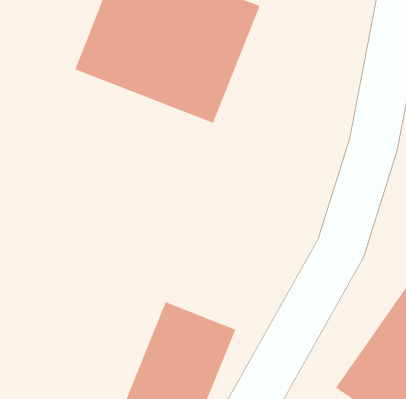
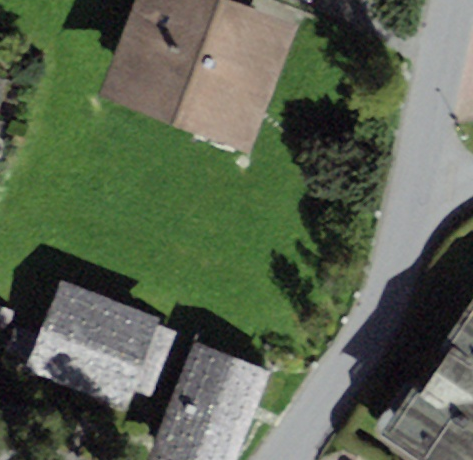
building: none -> [27,281,176,408]

